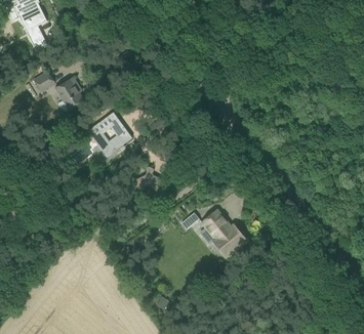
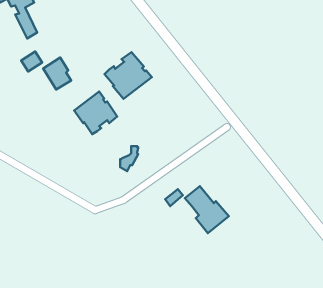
building: none -> [104,52,152,99]

